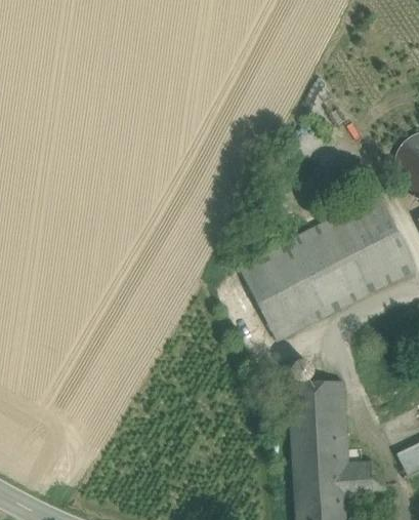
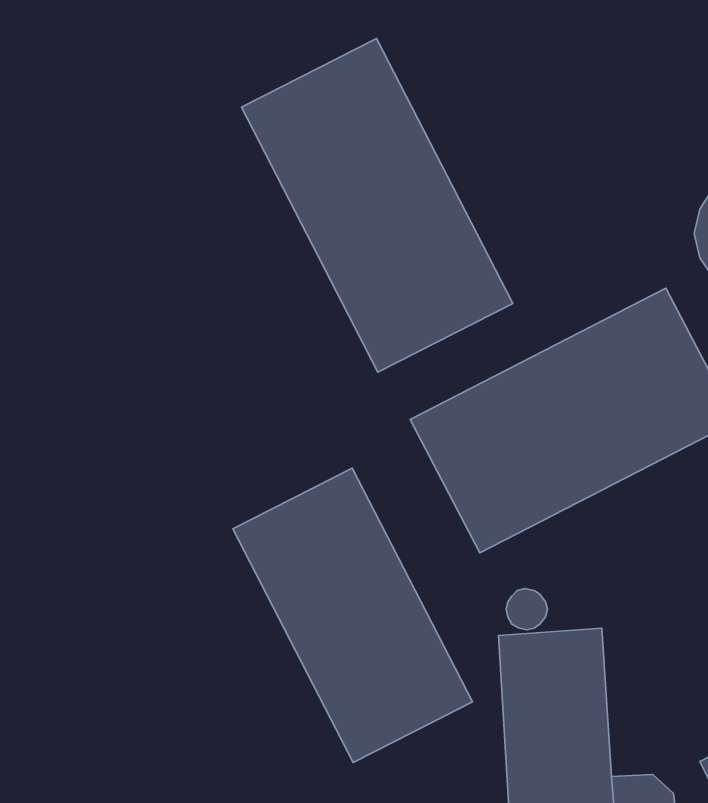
building: none -> [241,39,513,372]
building: none -> [233,468,473,763]

